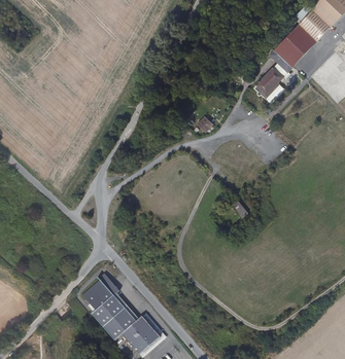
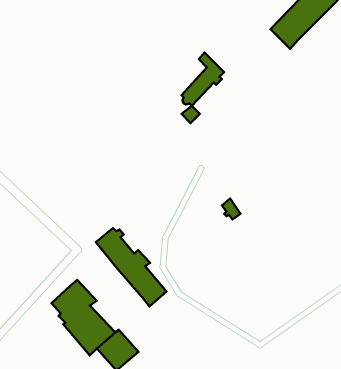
building: [254,49,292,97] -> [181,52,224,106]
building: none -> [96,228,167,307]

